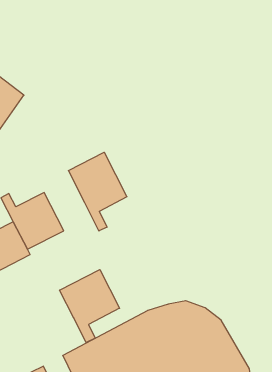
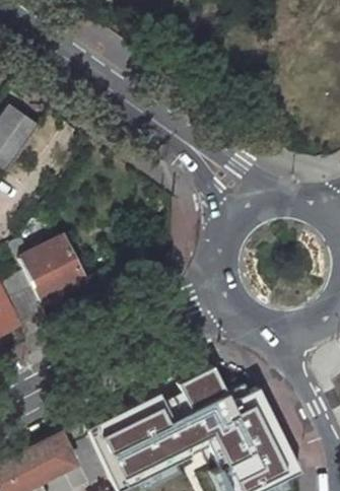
building: [68,152,127,231] -> none
building: [60,270,120,343] -> none

